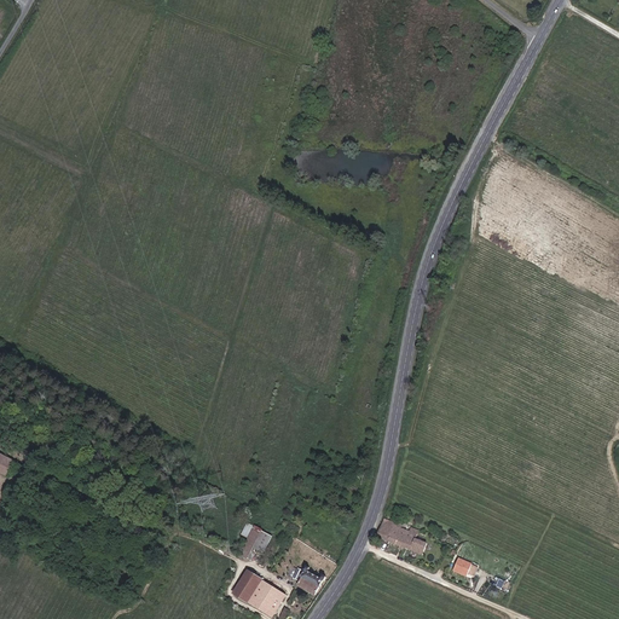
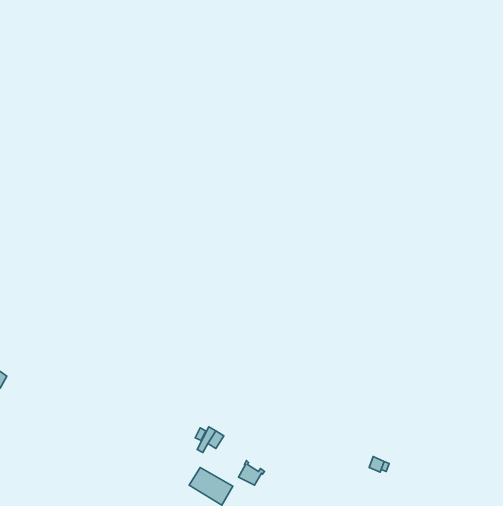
building: [375,520,424,555] -> none

